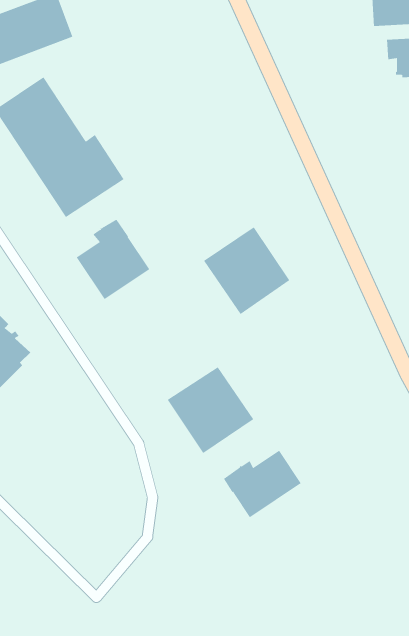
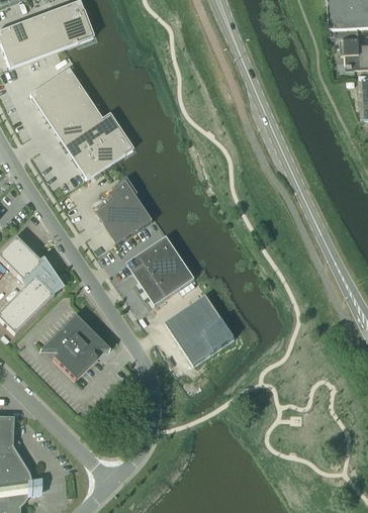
building: [203,226,290,315] -> [126,235,195,305]
building: none -> [40,314,110,379]
building: [223,450,302,518] -> none

